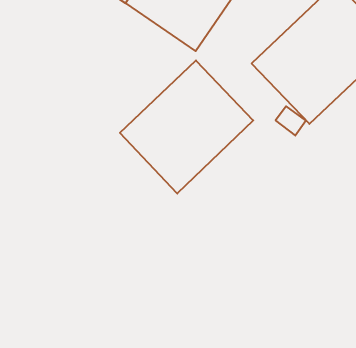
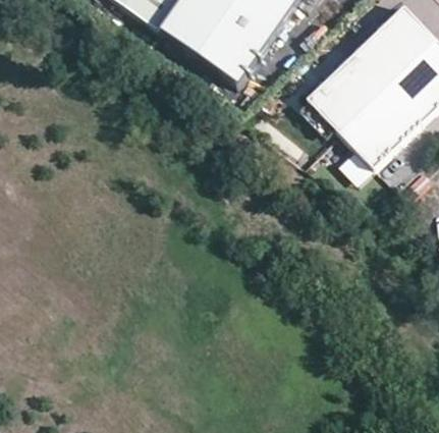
building: [120,60,253,194] -> none

